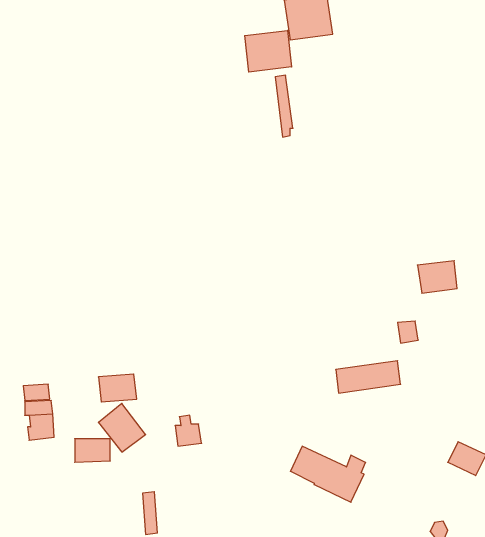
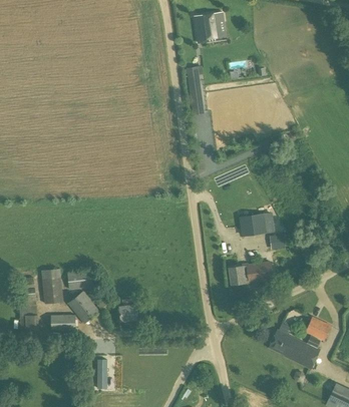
building: [245,30,292,72] -> none
building: [417,261,457,293] -> [239,214,266,236]
building: none -> [41,269,63,304]
building: [290,446,366,502] -> [269,330,320,368]

